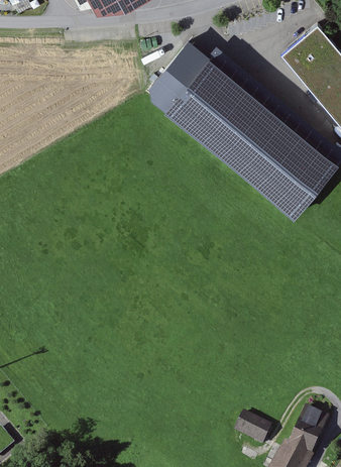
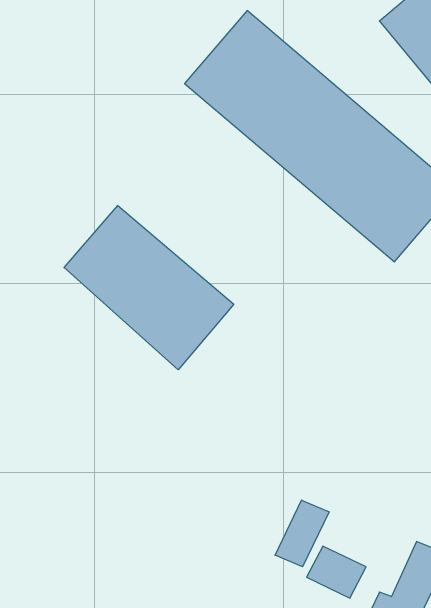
building: none -> [64,206,234,370]
building: none -> [275,500,329,567]

